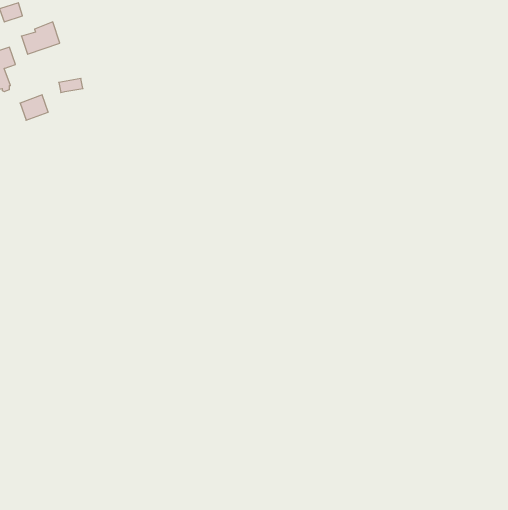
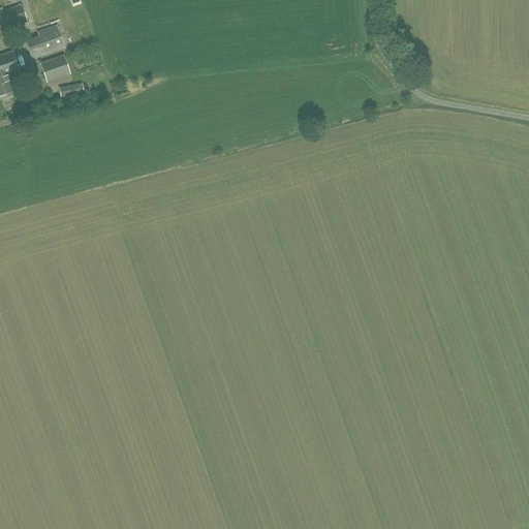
building: [20,95,48,120] -> [40,54,69,80]

